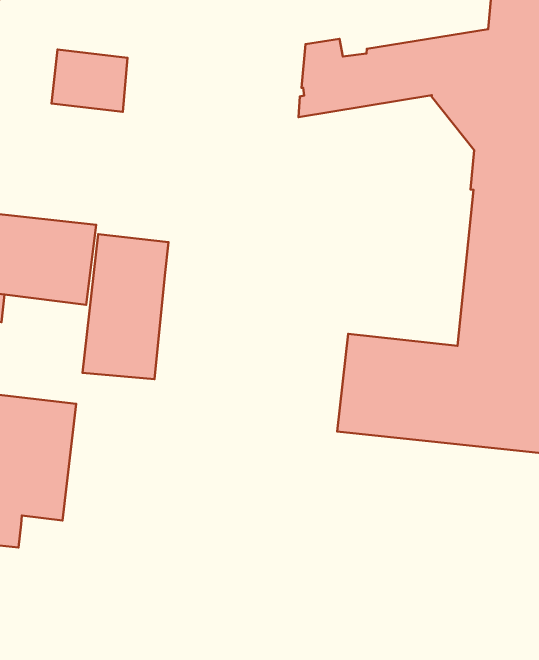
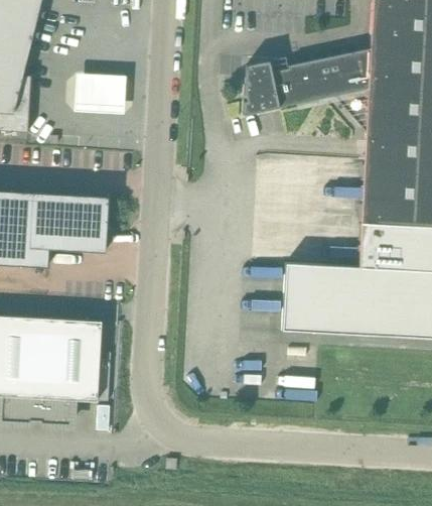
building: [82,234,169,379] -> none

